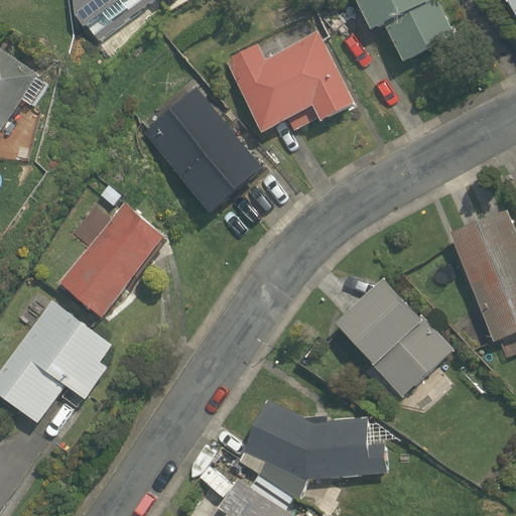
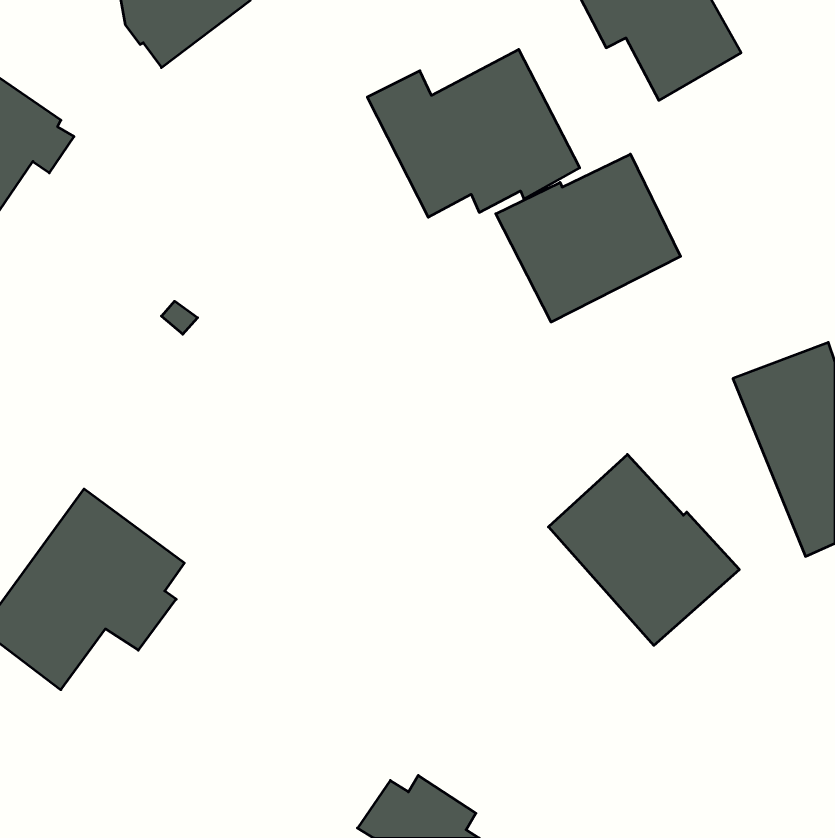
building: [143,86,264,214] -> none
building: none -> [496,154,681,322]
building: [58,203,166,316] -> none
building: [238,399,388,499] -> none

